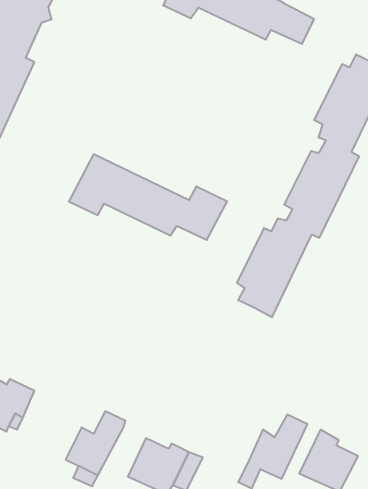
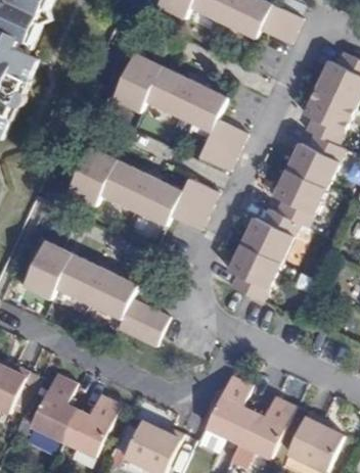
building: none -> [111,55,244,171]
building: none -> [22,241,160,344]
building: none -> [31,374,79,439]
building: none -> [204,374,252,442]

